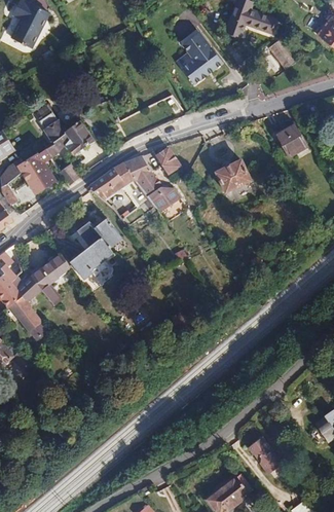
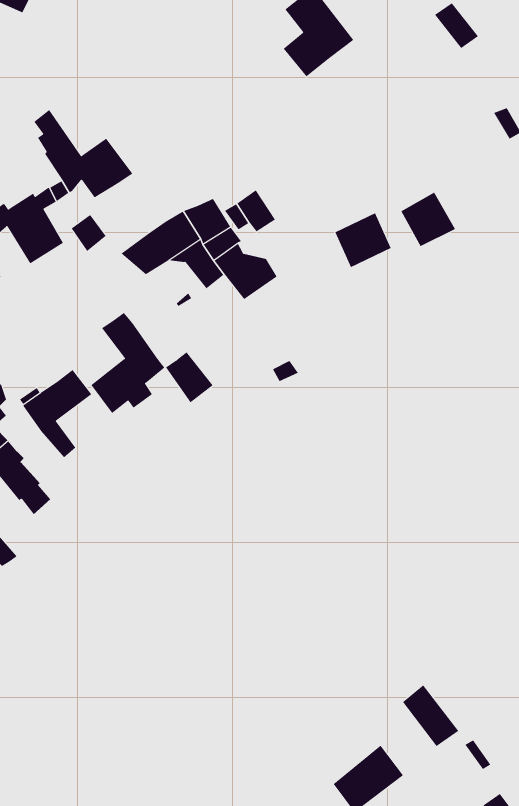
building: [273,125,305,157] -> [401,192,456,247]
building: [95,218,122,248] -> [165,351,213,403]

